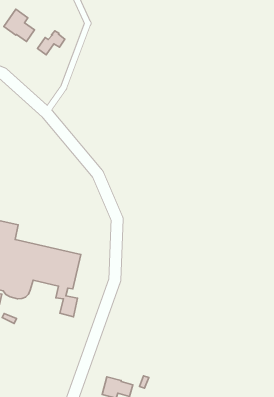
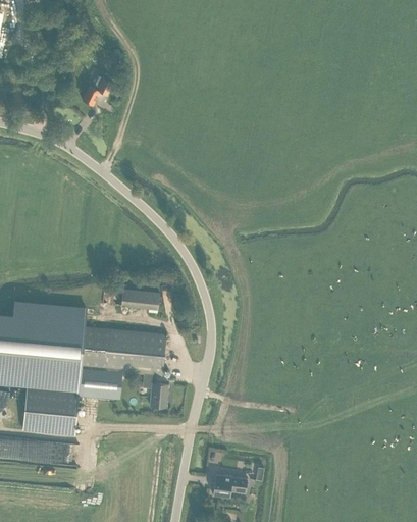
building: [4,9,35,41] -> none
building: none -> [120,289,158,308]

